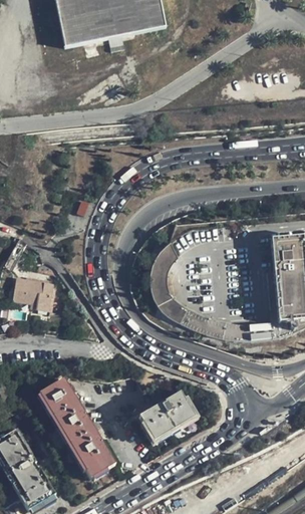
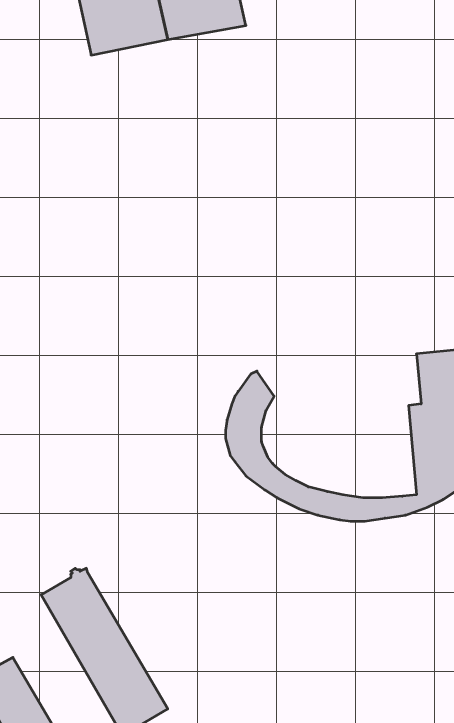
building: [15,276,54,310] -> none
building: [138,391,197,442] -> none

